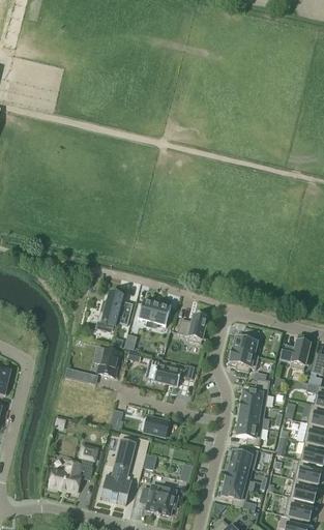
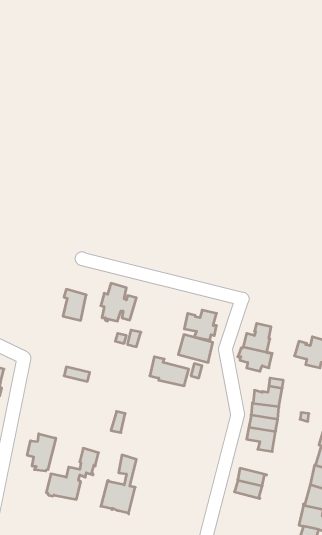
building: [138,299,170,325] -> [178,335,213,362]
building: [97,347,119,376] -> [63,289,86,320]
building: [143,414,169,436] -> none
building: none -> [27,434,56,471]
building: [229,447,258,468] -> none
building: [140,483,177,514] -> none
building: [220,483,247,508] -> none

